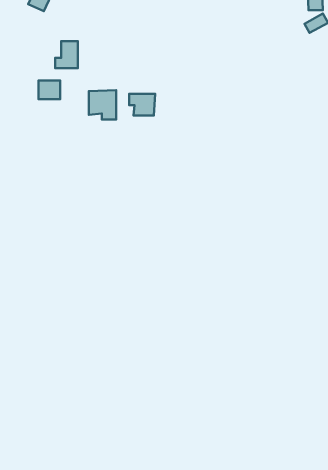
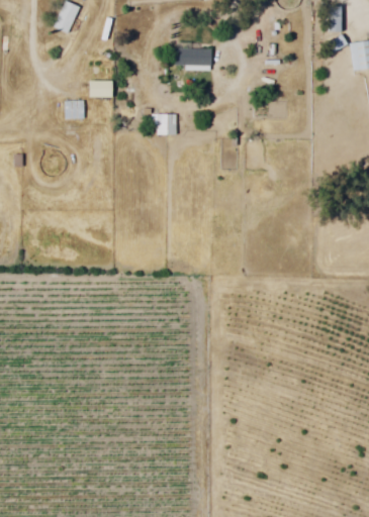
building: none -> [174,48,212,71]
building: [89,90,116,119] -> none

